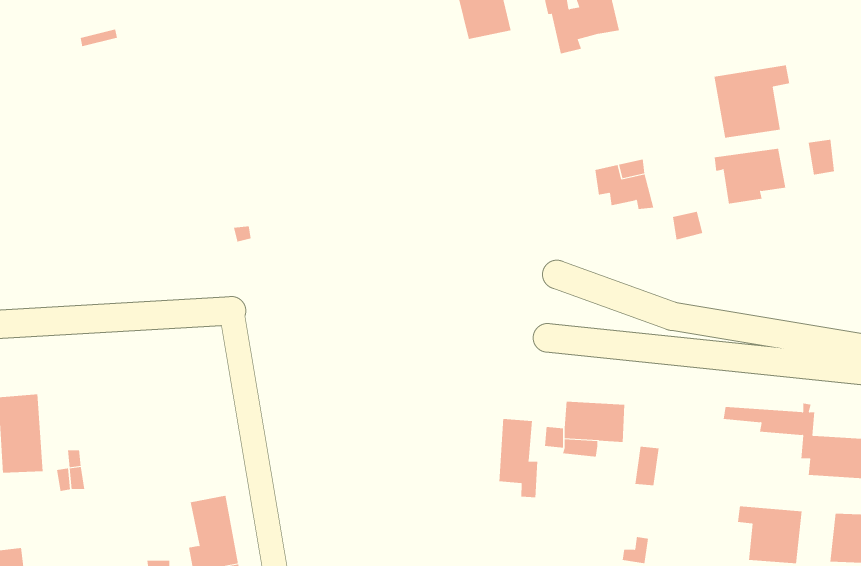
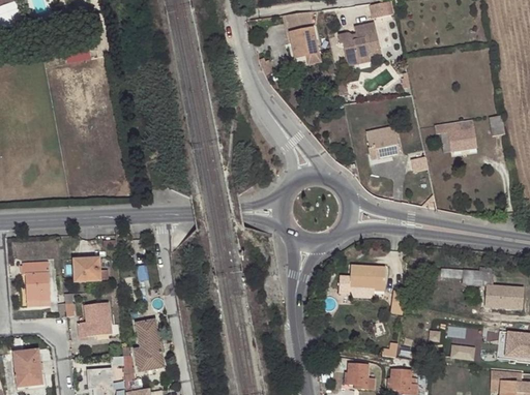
building: [714,65,790,138] -> none
building: none -> [72,256,109,282]
building: [499,418,538,498] -> none
building: none -> [78,302,112,337]

